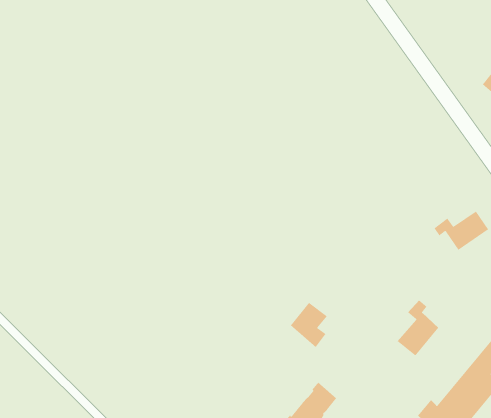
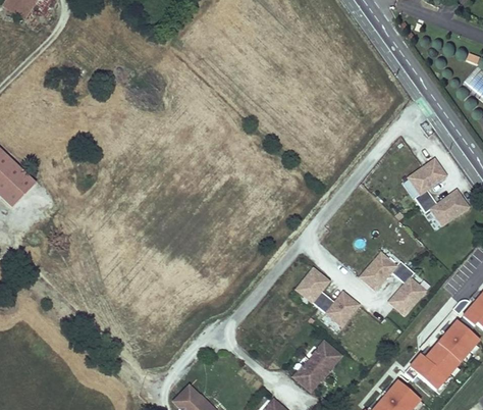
building: none -> [410,160,448,207]
building: none -> [362,254,410,292]
building: none -> [321,294,361,328]

